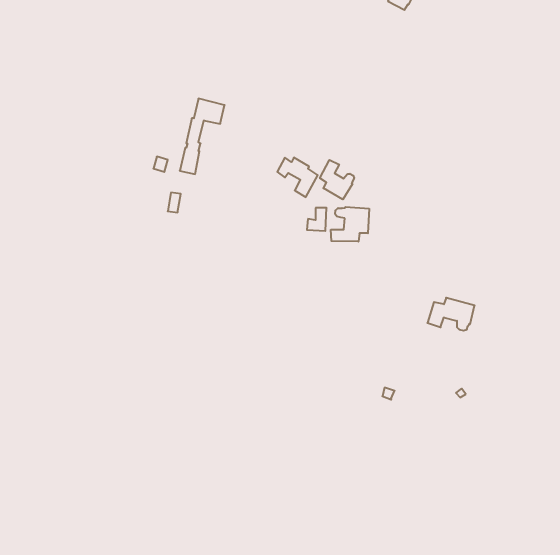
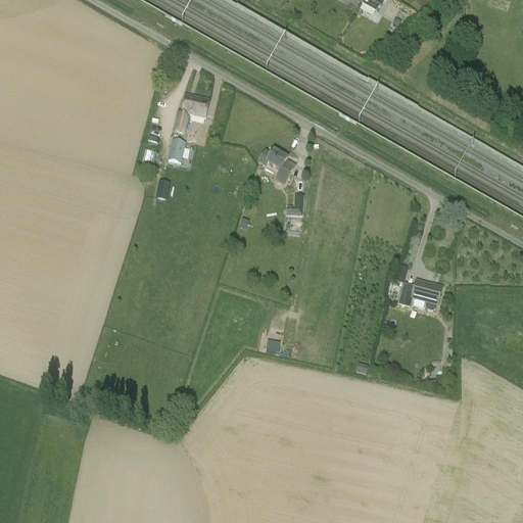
building: [320,160,354,199] -> none
building: [331,207,369,242] -> none

